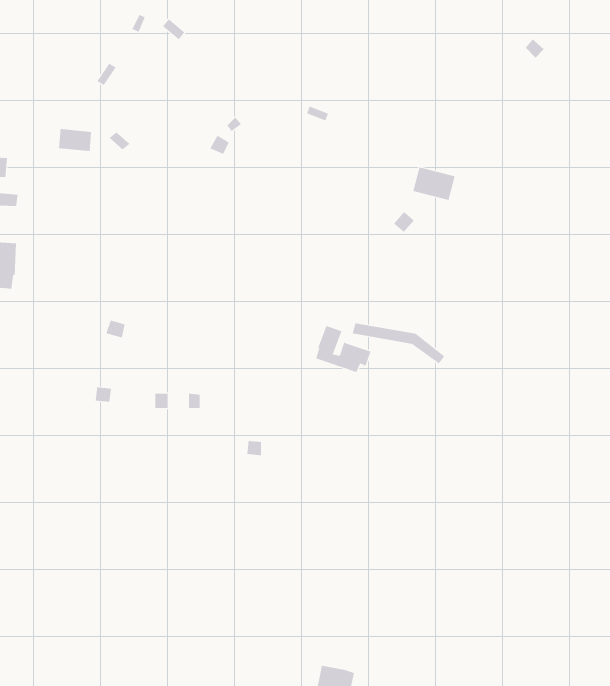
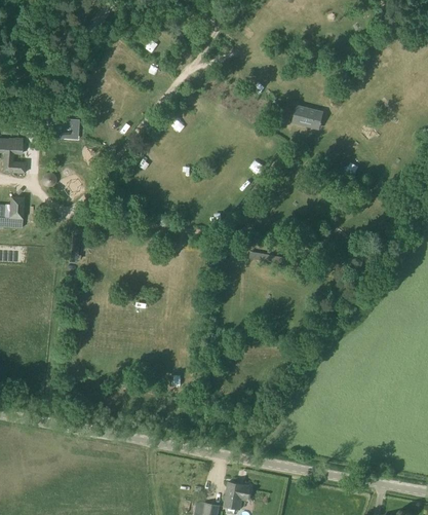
building: [413,167,455,200] -> [293,105,321,127]
building: [315,325,371,373] -> none

